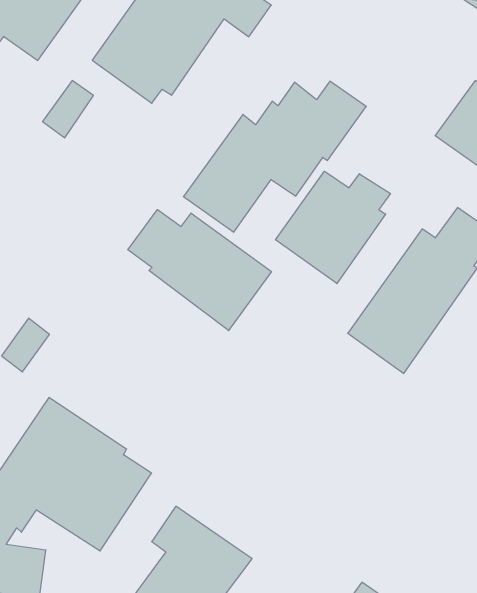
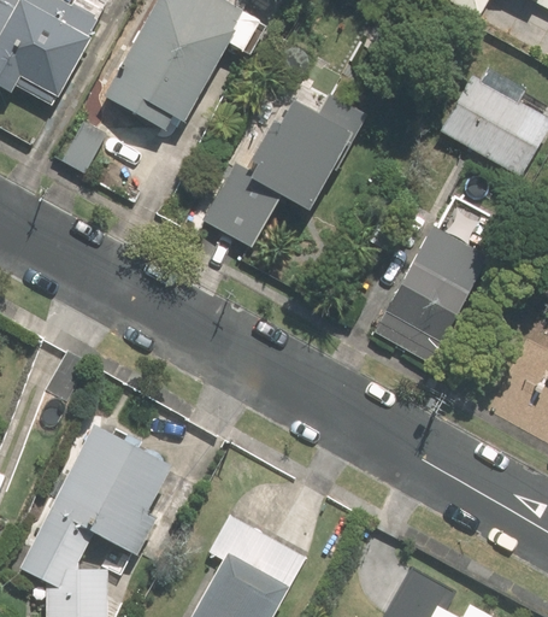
building: [276,171,390,284] -> none
building: [128,210,271,331] -> none

